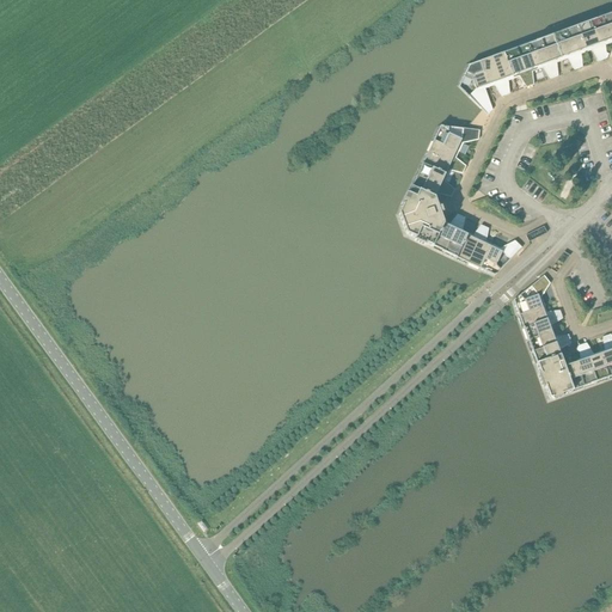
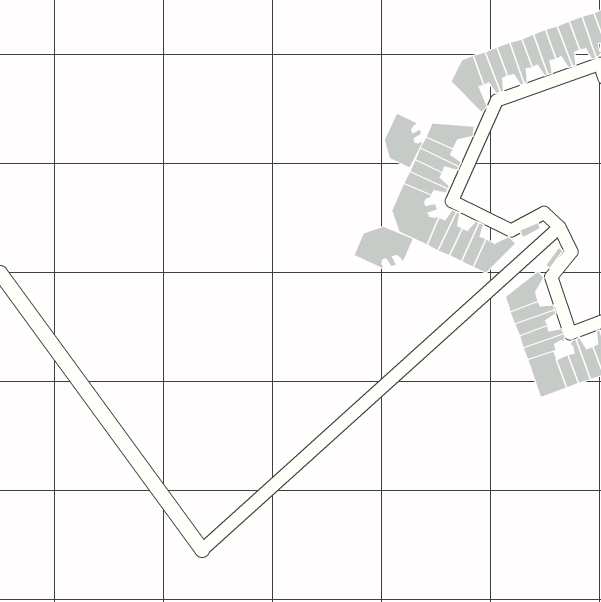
building: none -> [384,113,423,168]
building: none -> [354,226,413,269]

